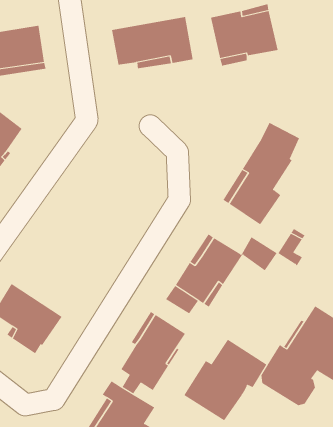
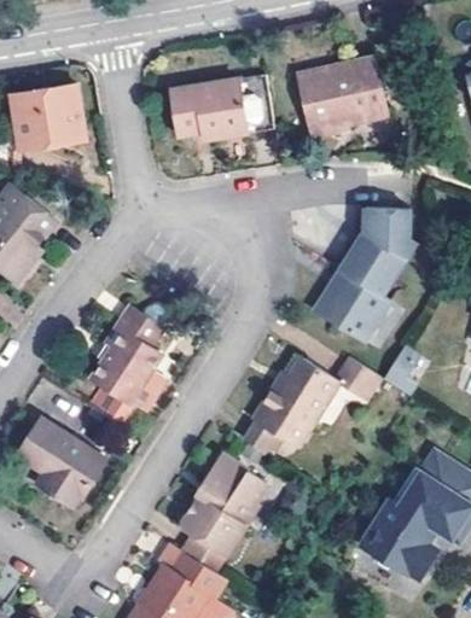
building: none -> [91,305,168,428]
building: [184,339,267,421] -> none

